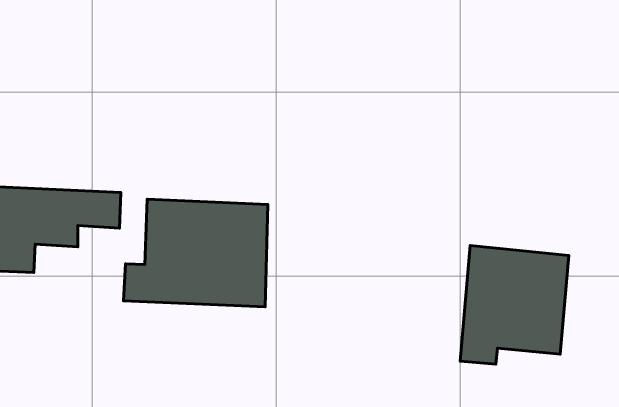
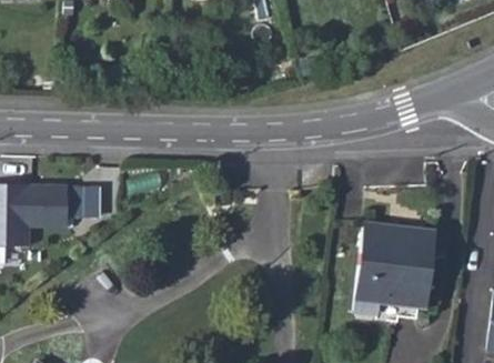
building: [124,199,268,307] -> none

